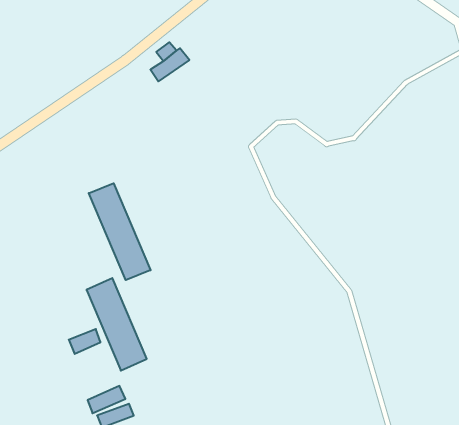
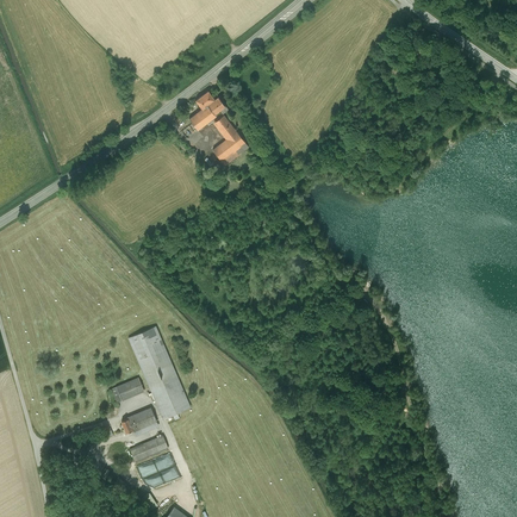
building: none -> [216,114,251,166]
building: [89,183,151,280] -> none
building: none -> [120,409,157,436]

